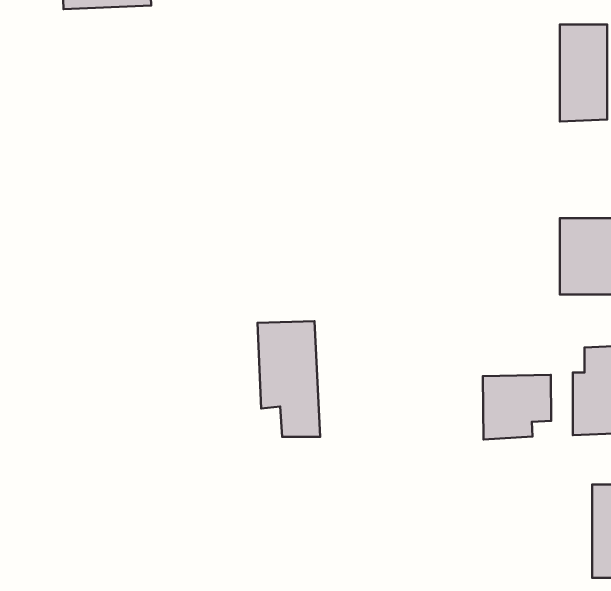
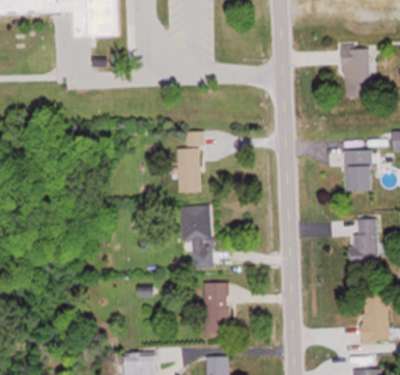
building: none -> [177,134,200,193]
building: [483,375,551,439] -> none
building: none -> [203,283,228,334]

